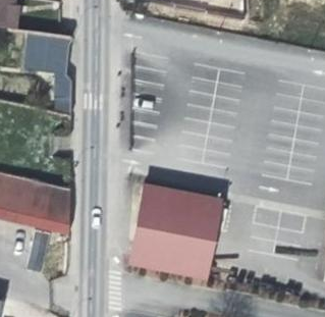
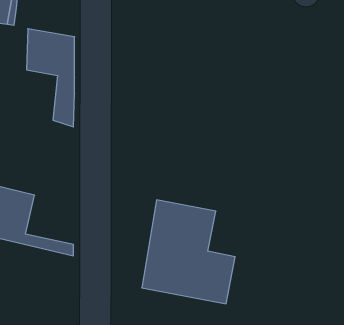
building: [25,180,69,224] -> none
building: [188,195,219,235] -> none

